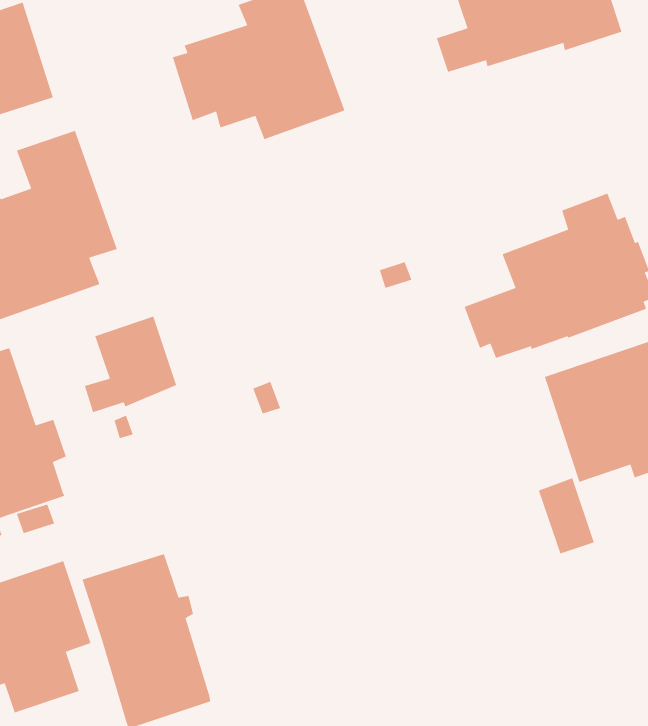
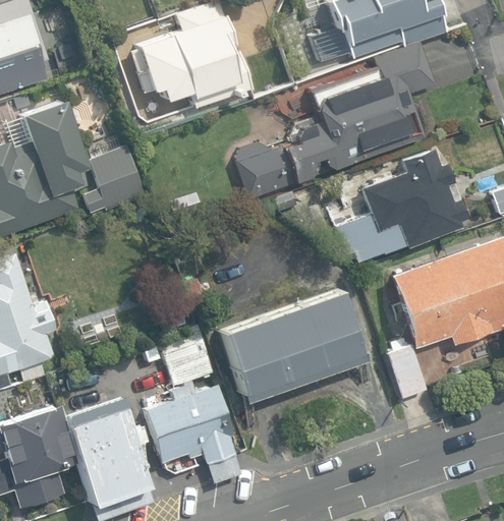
building: none -> [237,44,436,198]
building: [84,316,177,413] -> [81,146,147,214]
building: none -> [222,288,368,402]
building: none -> [143,324,241,483]

